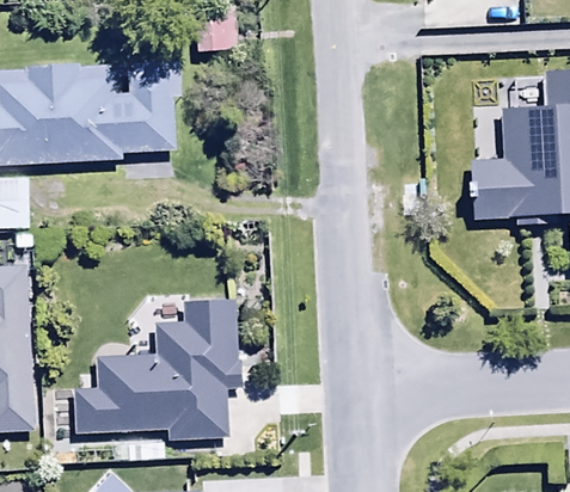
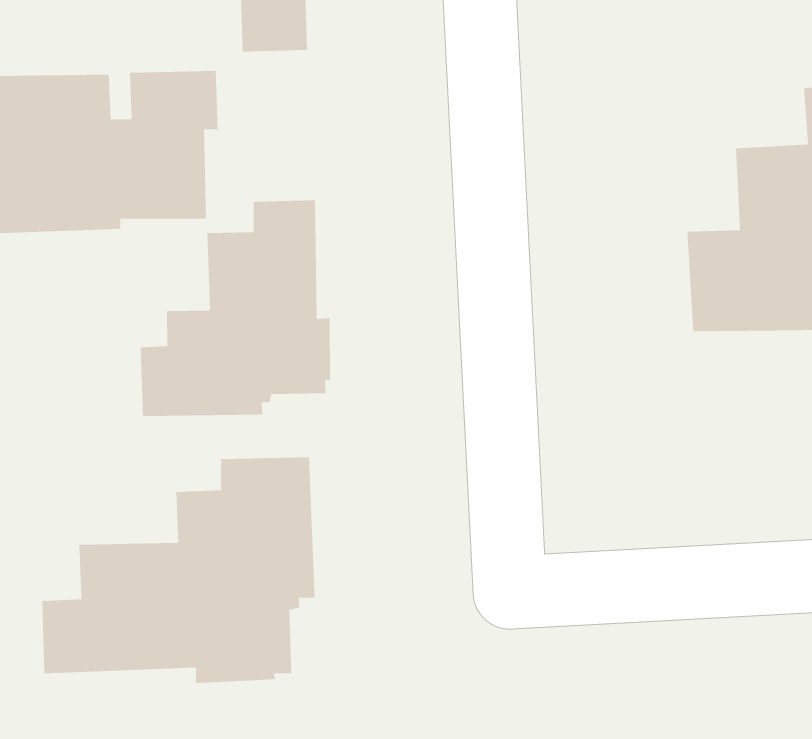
building: none -> [140,200,331,417]

